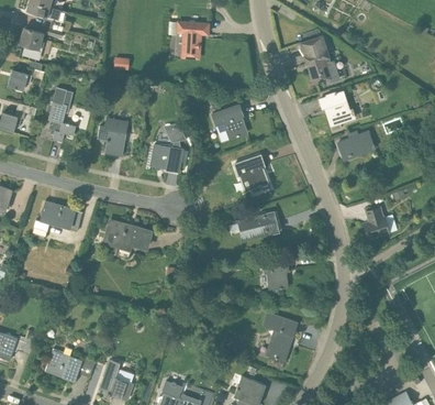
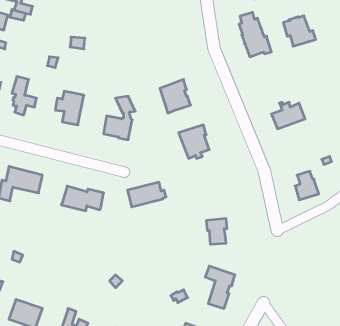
building: [178,22,209,58] -> none
building: [320,91,356,125] -> [283,16,316,46]
building: [238,212,281,240] -> [128,182,166,207]

